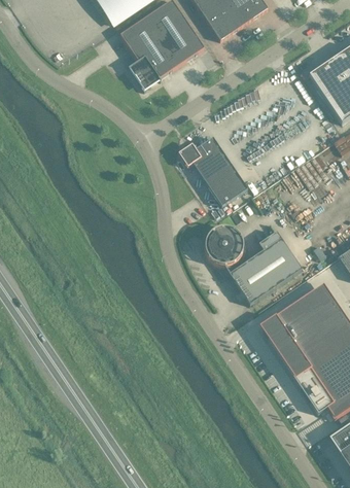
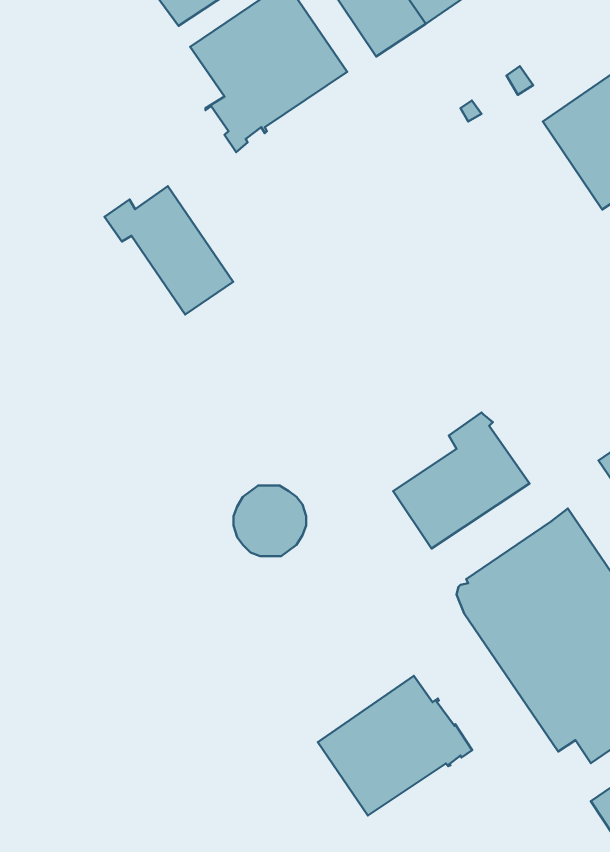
building: [177,136,246,205] -> [105,186,233,314]
building: [203,226,242,265] -> [233,485,306,556]
building: none -> [318,676,472,815]

